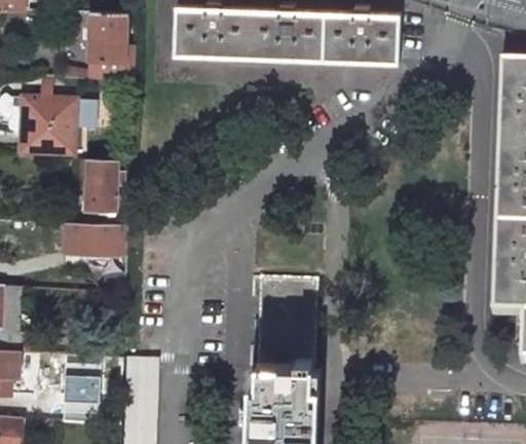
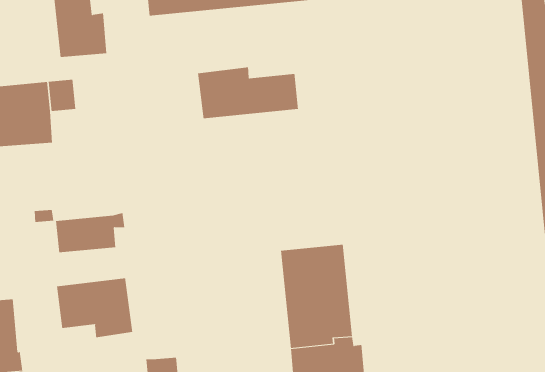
building: none -> [197,67,298,119]
building: [86,160,124,212] -> none
building: none -> [57,278,133,338]

